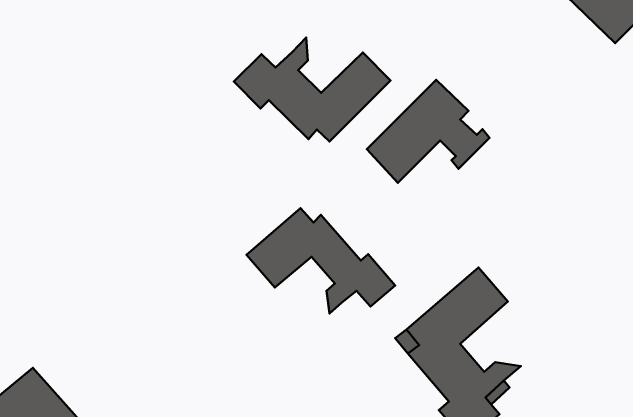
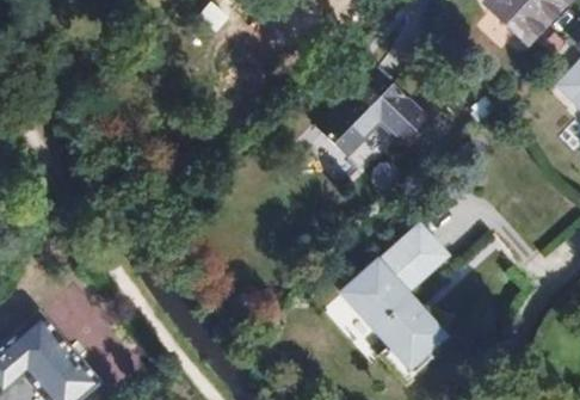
building: [234,38,391,142] -> none
building: [247,208,395,313] -> none

